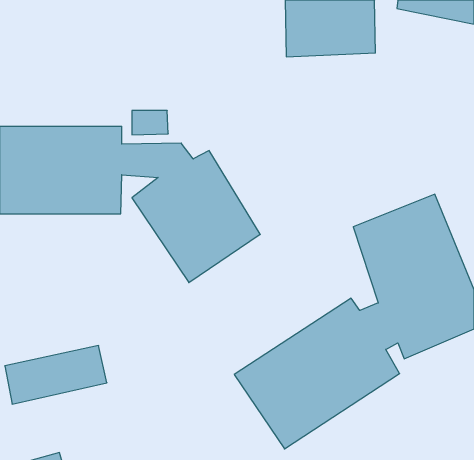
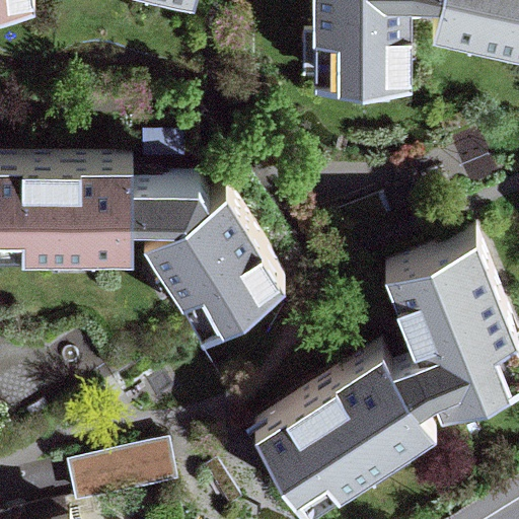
building: [5,346,107,404] -> [66,444,177,508]

